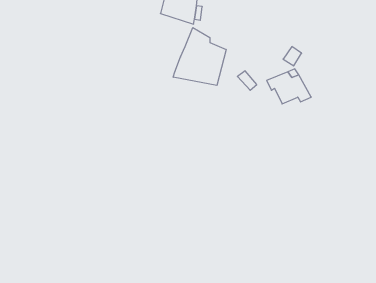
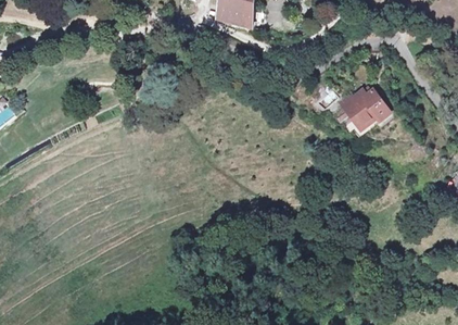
building: [173,28,226,85] -> none

